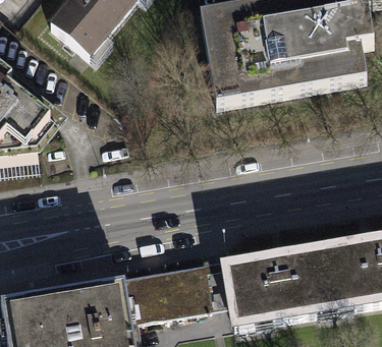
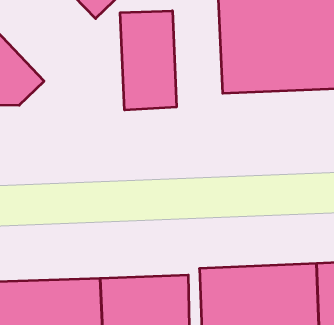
building: none -> [120,11,176,110]

